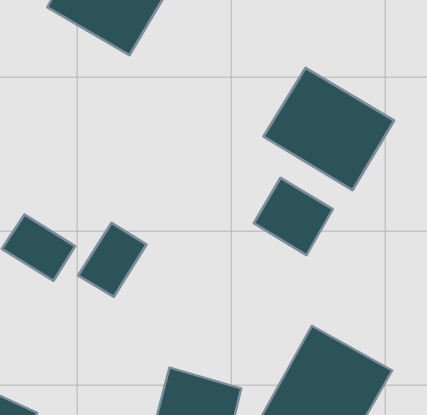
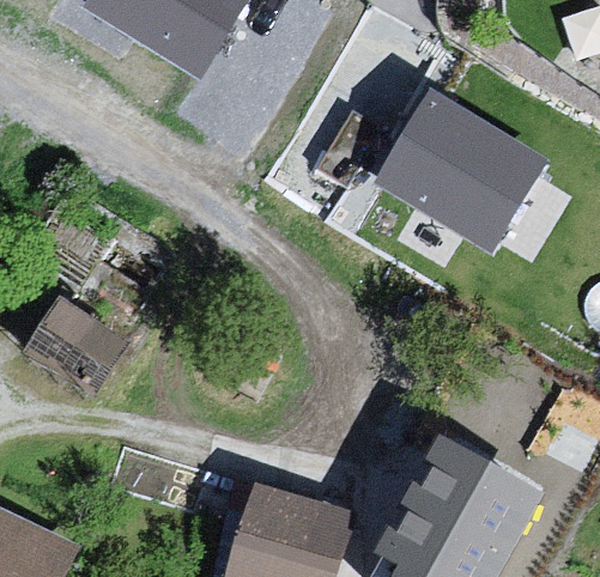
building: [254,178,333,255] -> none
building: [78,223,147,297] -> none

